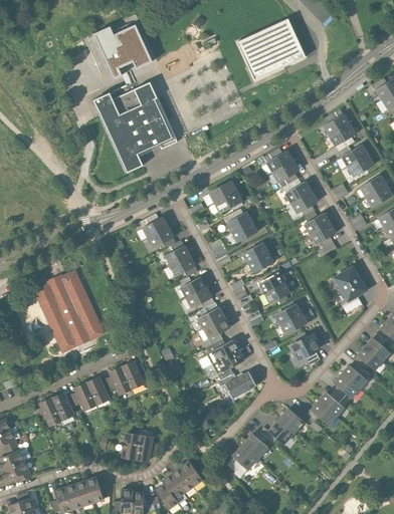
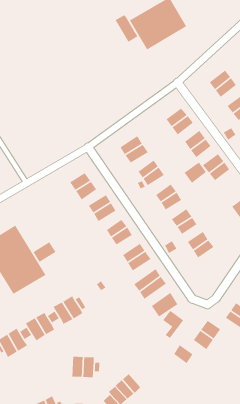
building: [93,23,152,78] -> none
building: none -> [114,14,139,43]
building: [93,81,177,172] -> none
building: none -> [184,161,207,184]
building: none -> [33,241,56,263]
building: [289,331,323,359] -> none
building: [233,444,259,478] -> [162,310,184,339]

